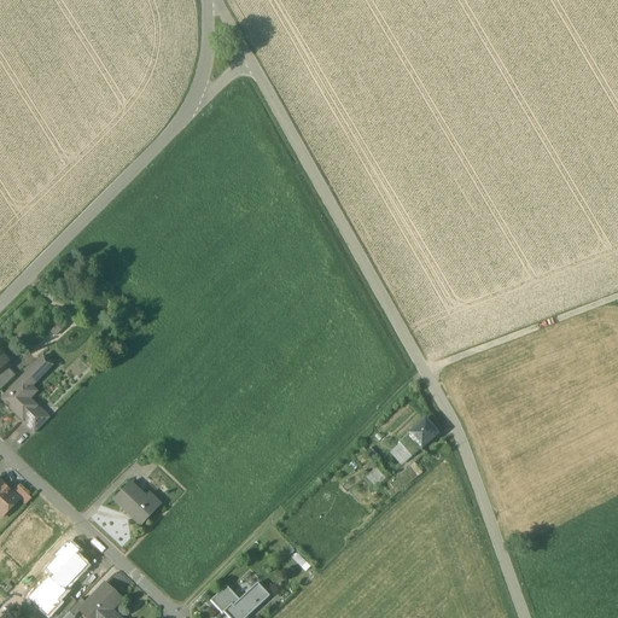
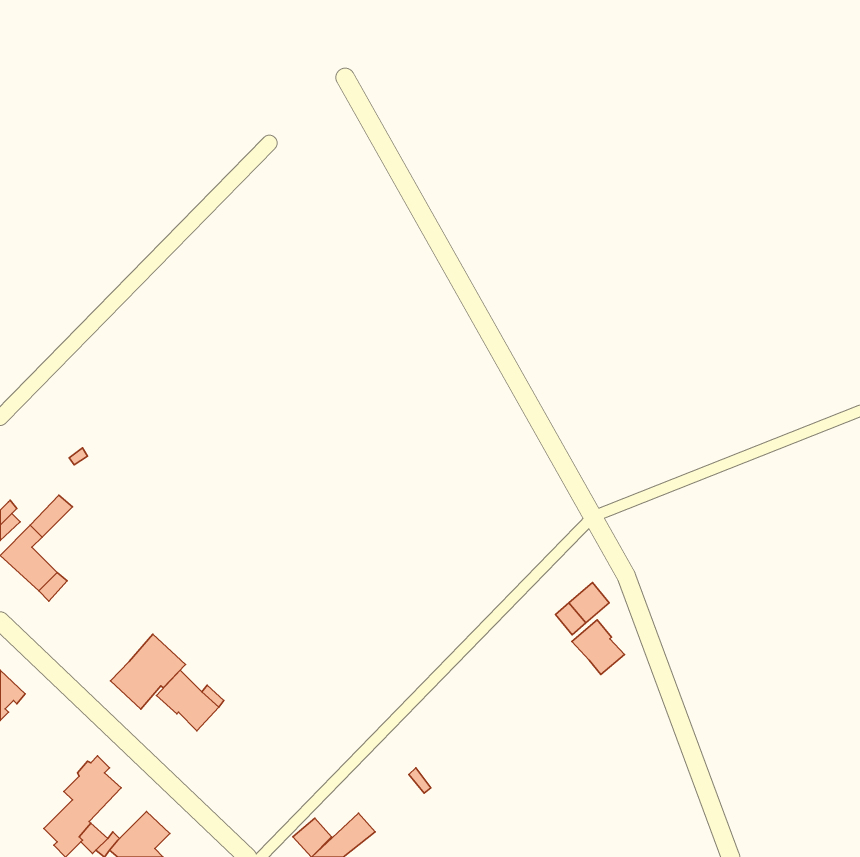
building: none -> [572,620,624,674]
building: none -> [111,634,185,709]

